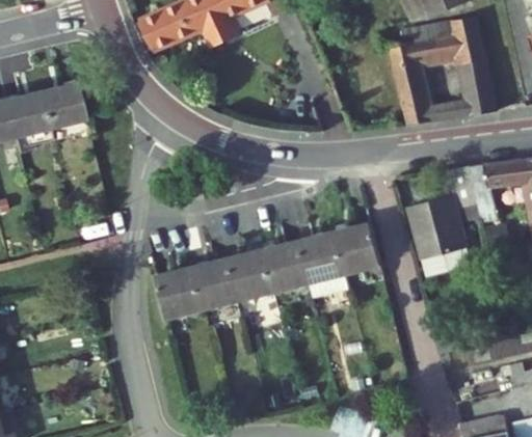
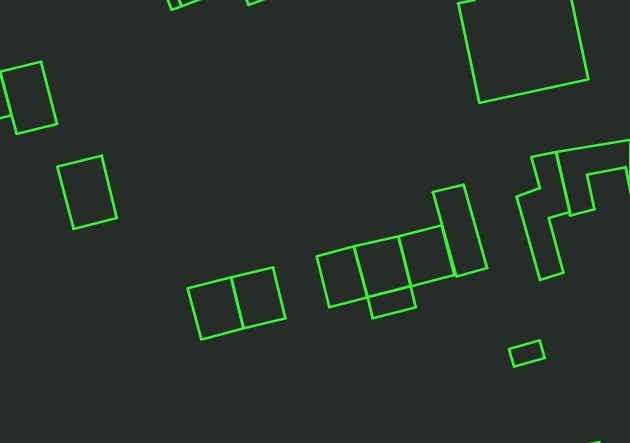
building: [35,81,85,142] -> [57,156,117,229]
building: [407,203,453,280] -> [433,185,487,276]
building: [230,253,276,305] -> none

